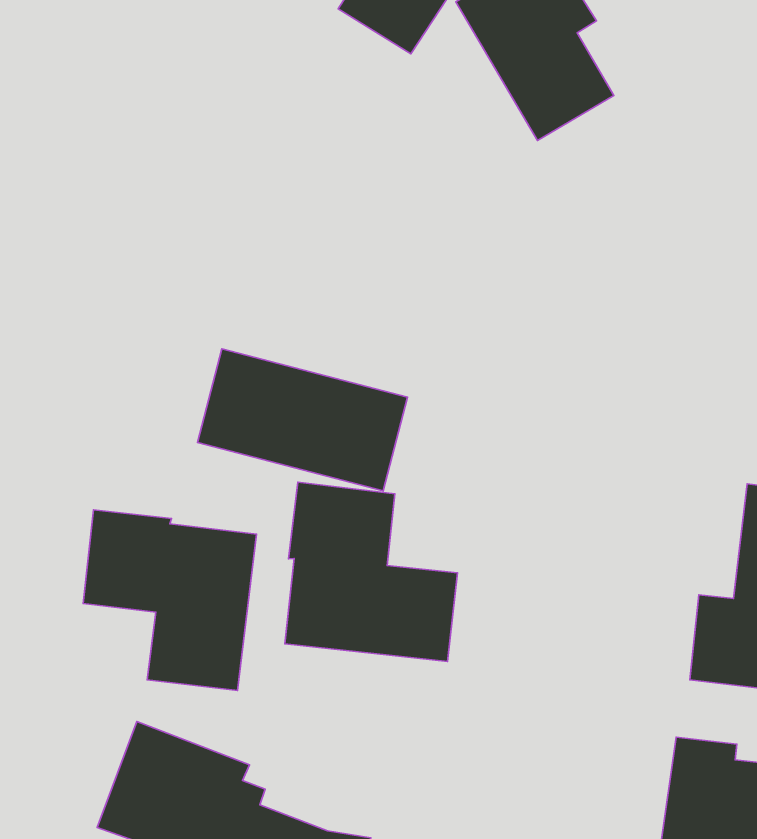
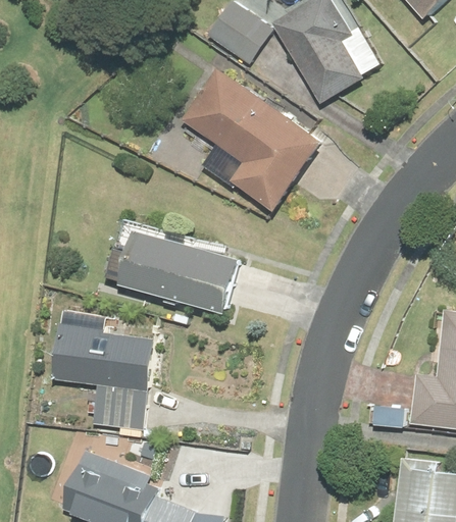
building: none -> [182,69,324,214]
building: [285,482,458,661] -> none

